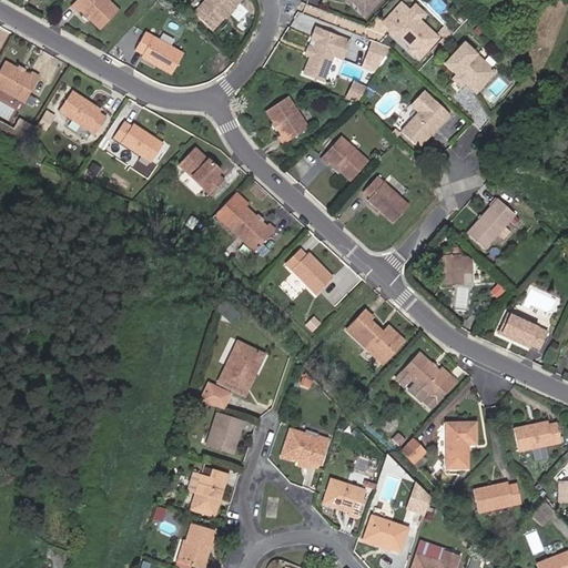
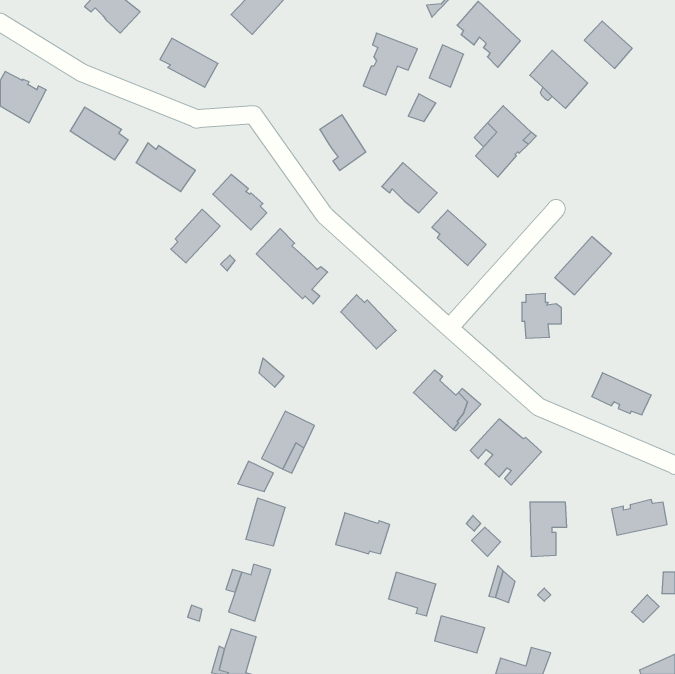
building: none -> [584,21,632,68]
building: none -> [171,209,220,263]
building: [473,480,520,511] -> none

